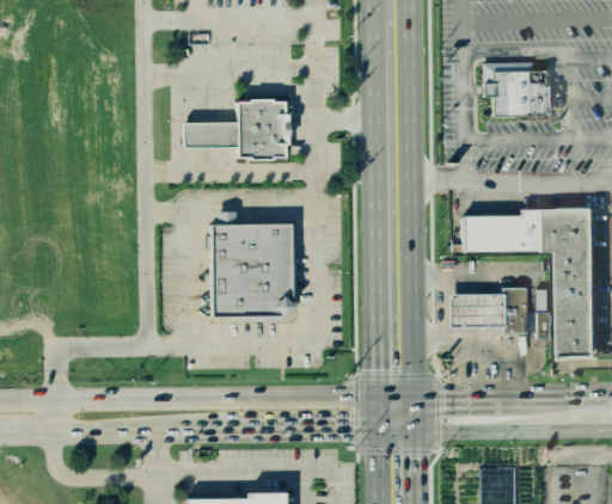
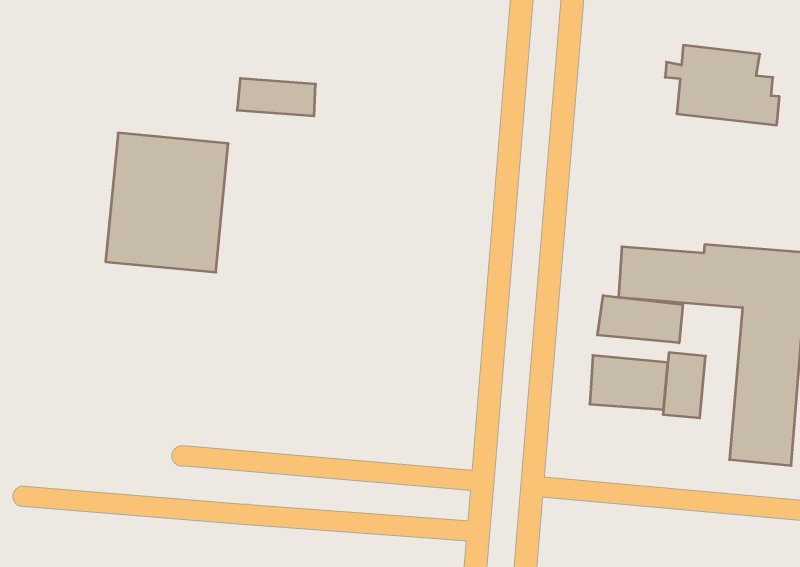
building: [235,98,287,160] -> none
building: [215,223,294,315] -> [106,133,228,272]
building: none -> [597,295,683,343]

